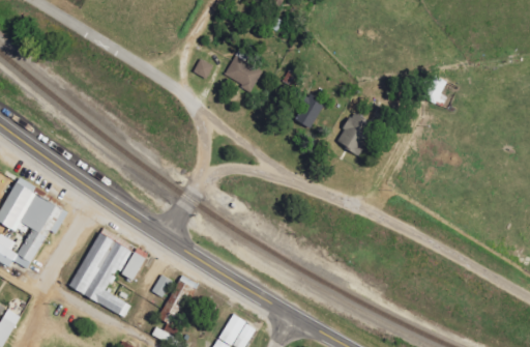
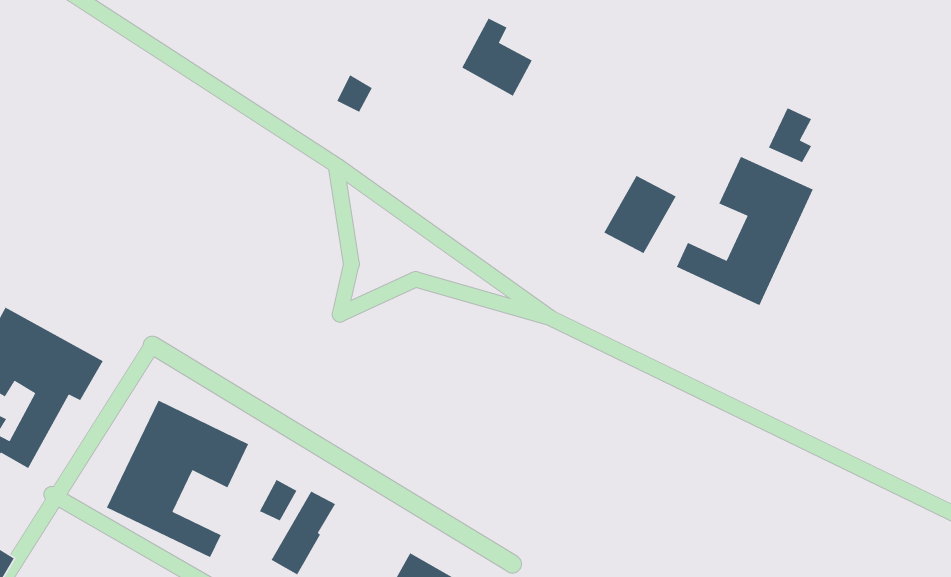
building: [224,48,262,90] -> [461,17,533,97]
building: [297,96,323,126] -> none
building: none -> [676,156,814,306]

